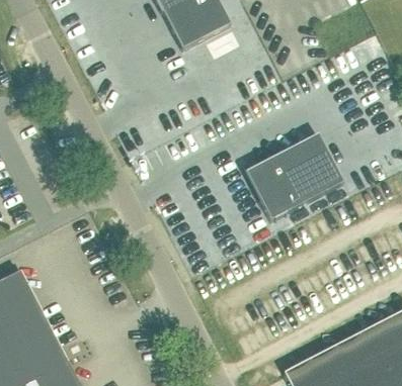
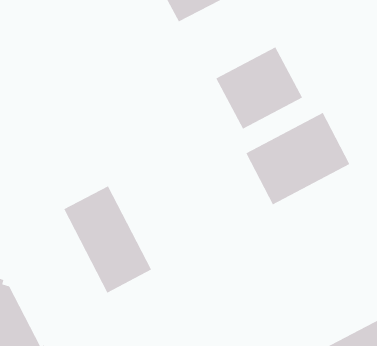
building: none -> [215,46,303,129]
building: none -> [63,185,152,293]

